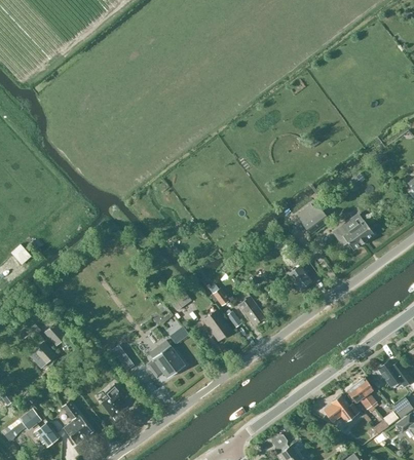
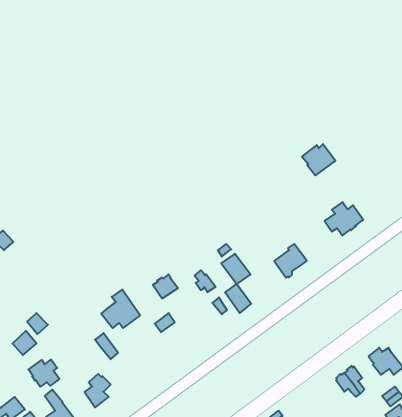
building: [296,203,329,234] -> [302,144,335,175]
building: [202,310,231,340] -> [221,254,251,284]
building: [146,340,184,378] -> [101,289,140,328]
building: none -> [28,360,59,387]
building: [324,395,359,422] -> none

